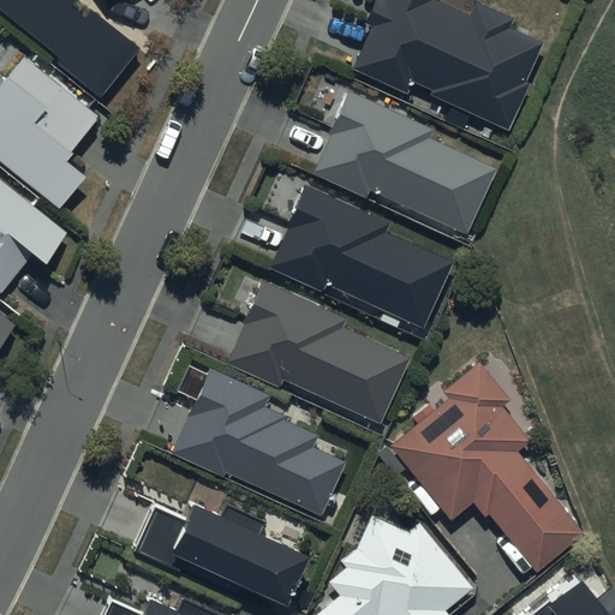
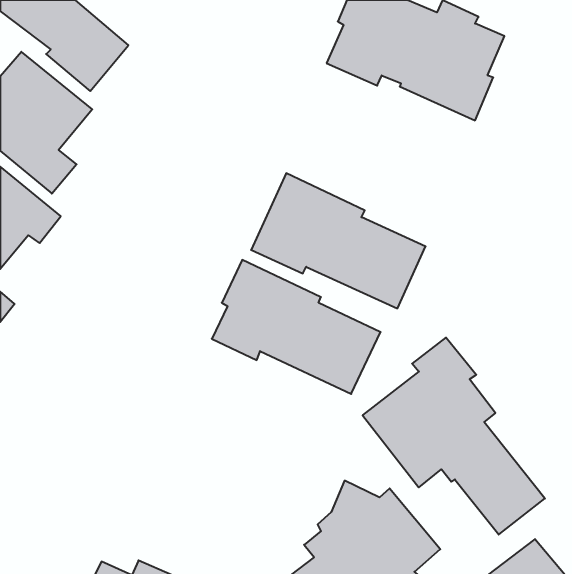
building: [314,84,494,233] -> none
building: [171,369,345,515] -> none
building: [133,502,304,605] -> none

